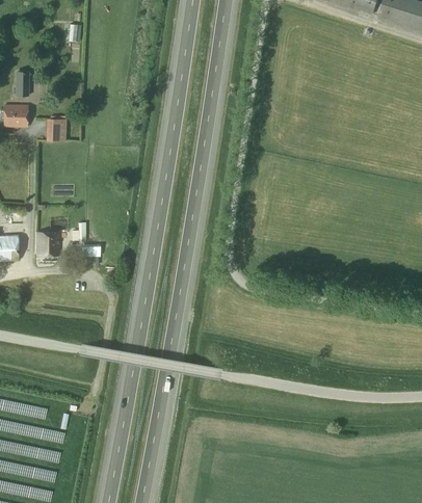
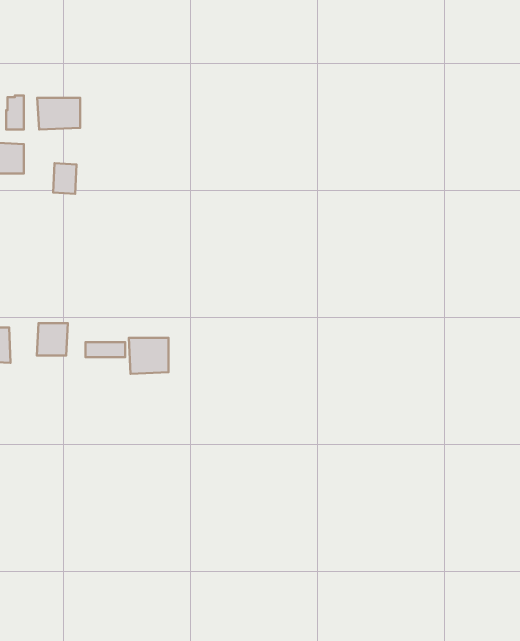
building: none -> [37,98,80,129]
building: none -> [129,338,169,374]

